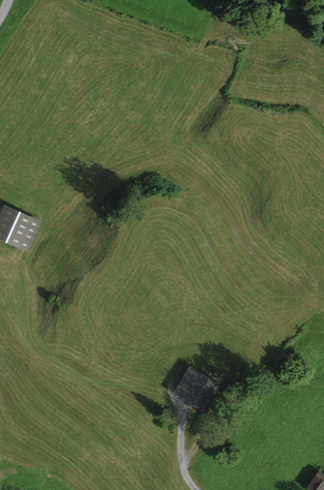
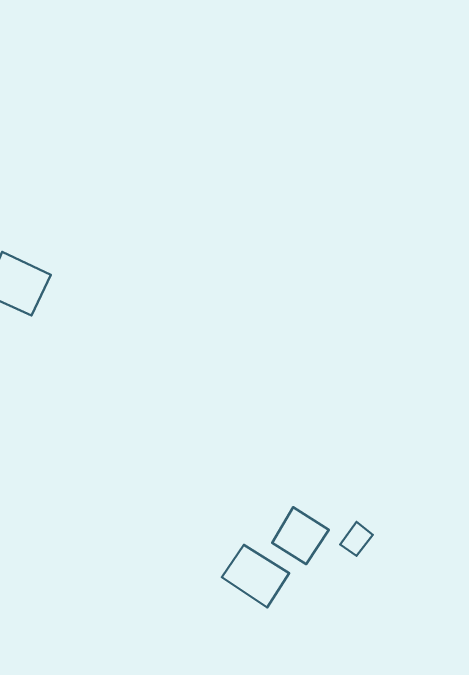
building: none -> [222,545,289,608]

